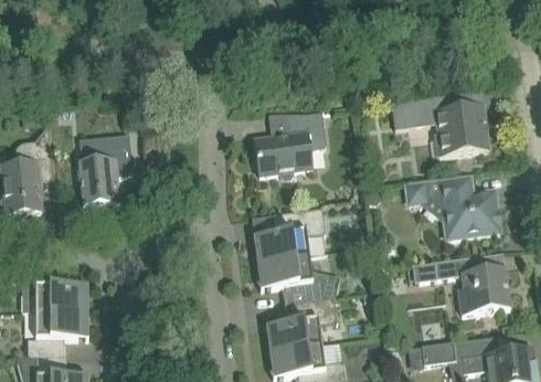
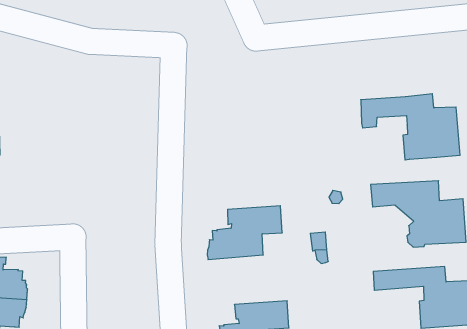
building: [254,112,326,180] -> none
building: [75,135,132,206] -> none
building: [256,255,339,304] -> none

